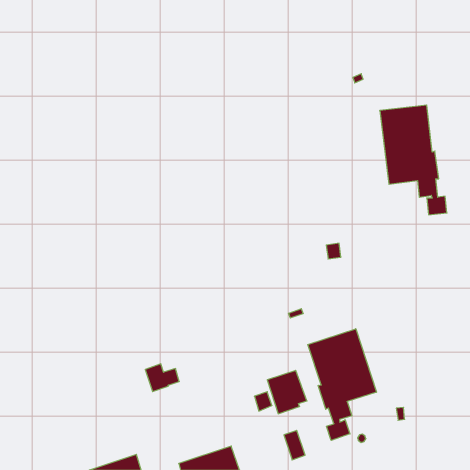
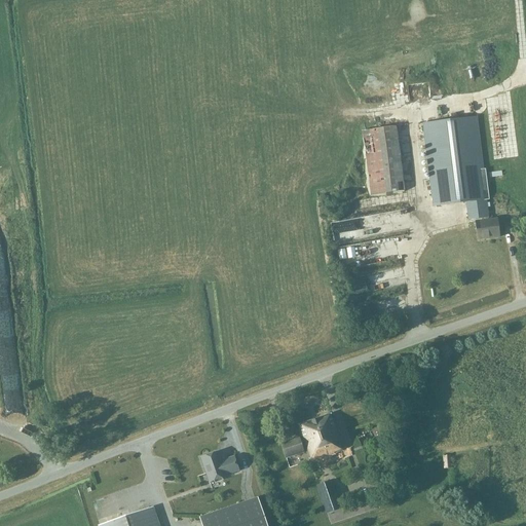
building: none -> [364,126,405,195]
building: [308,329,376,440] -> none
building: [145,364,179,392] -> [201,451,239,482]

